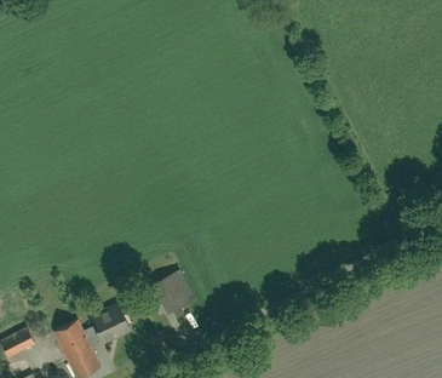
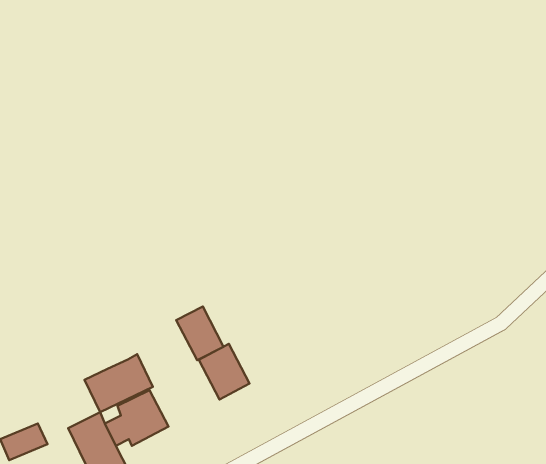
building: none -> [176,306,224,360]
building: none -> [85,354,153,412]

